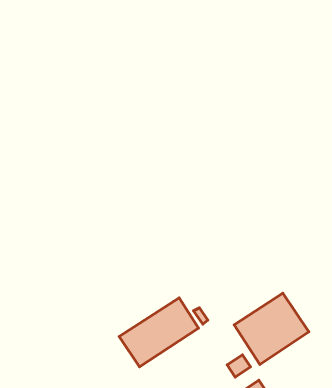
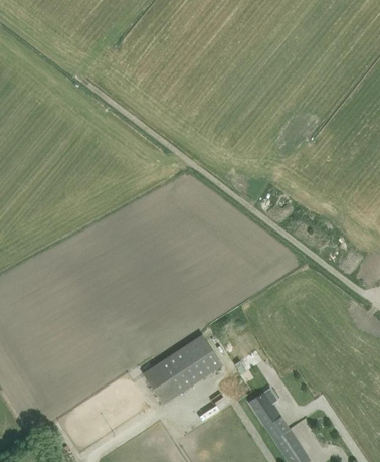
building: [234,293,309,364] -> none

